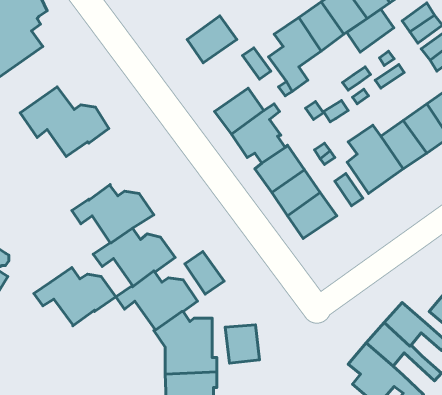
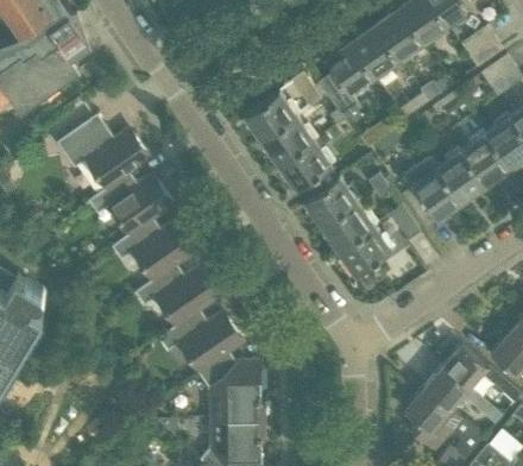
building: [347,9,394,52] -> none
building: [187,16,237,63] -> [245,93,297,143]
building: [185,252,224,294] -> none
building: [34,268,116,326] -> [87,175,174,237]
building: [225,325,259,363] -> none

